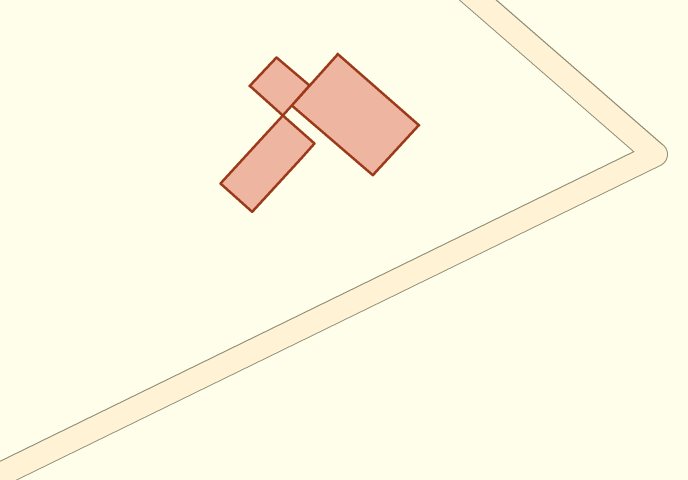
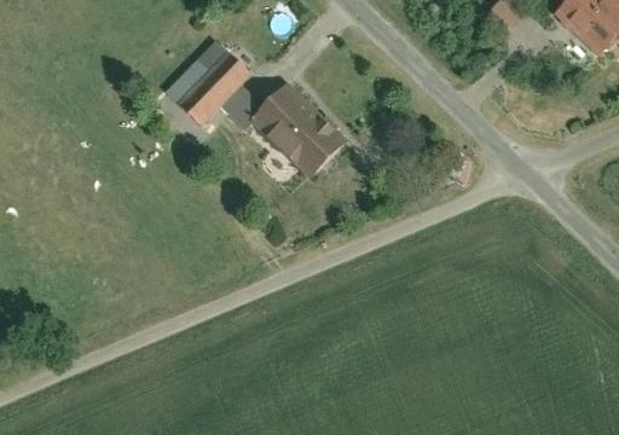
building: [221,115,314,212] -> [175,50,249,122]

